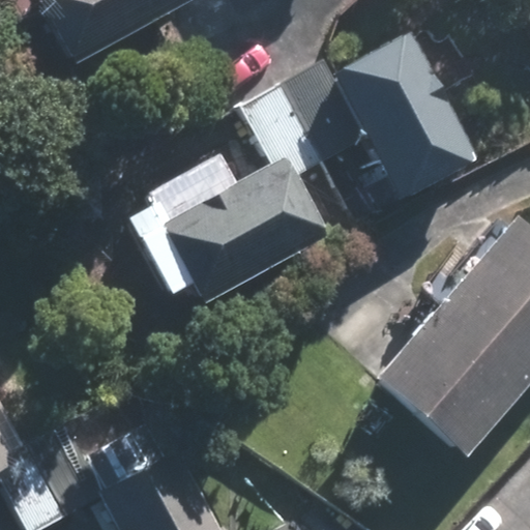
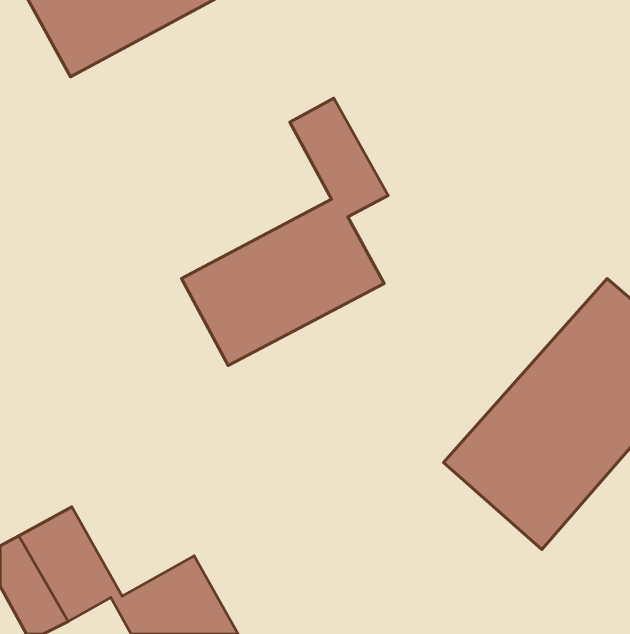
building: [286,33,477,200] -> none

